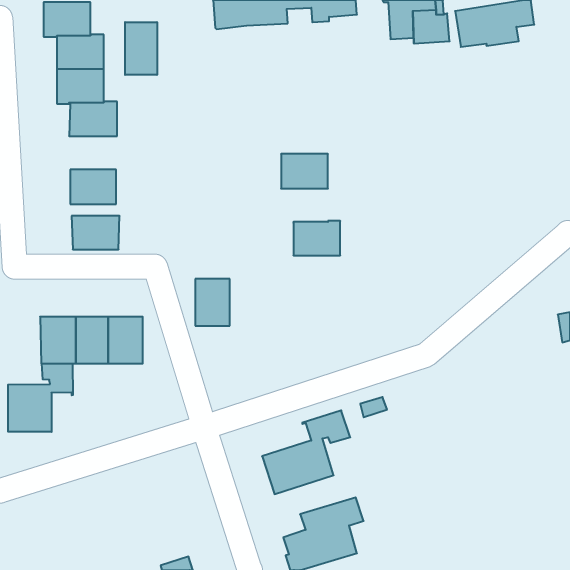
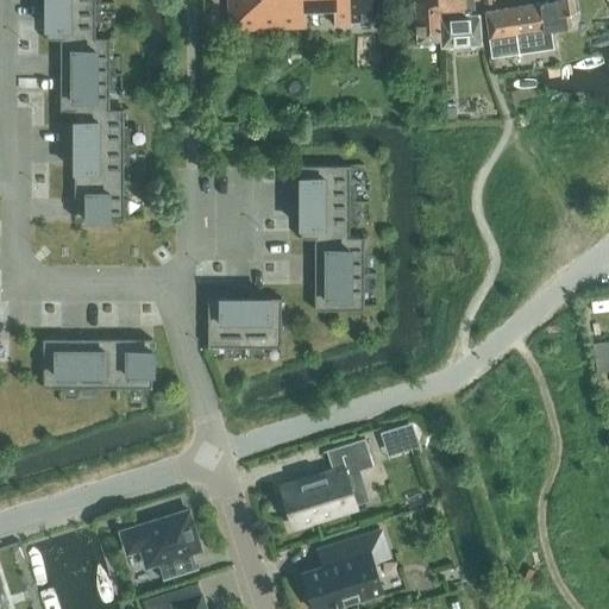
building: [125,22,157,75] -> none
building: none -> [300,201,350,238]
building: [72,216,120,249] -> [74,145,125,181]
building: none -> [313,272,363,309]
building: none -> [245,297,282,347]
building: [8,364,73,432] -> none
building: none -> [120,510,200,580]

